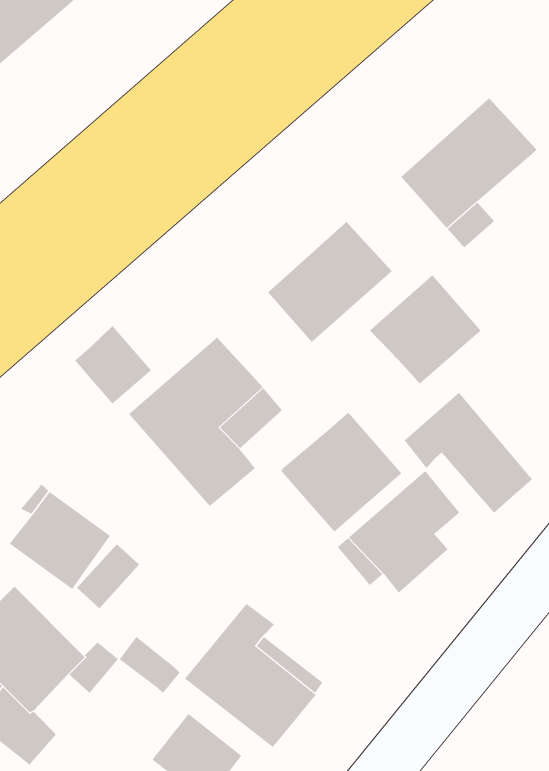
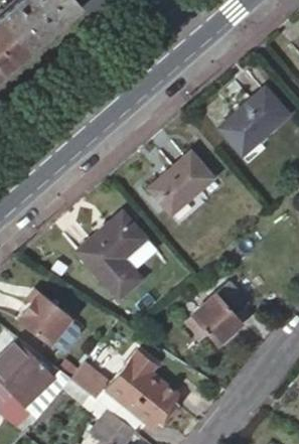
building: [369,274,481,384] -> none
building: [74,325,152,405] -> none
building: [404,392,533,514] -> none
building: [281,412,402,533] -> none

